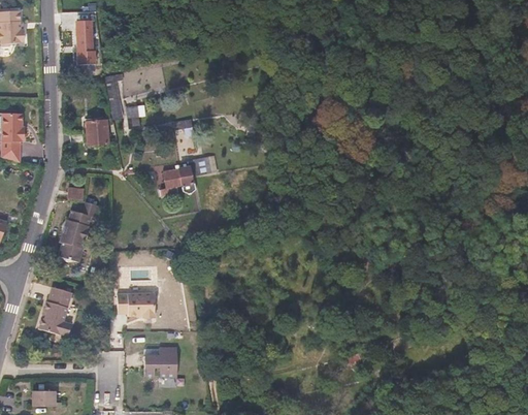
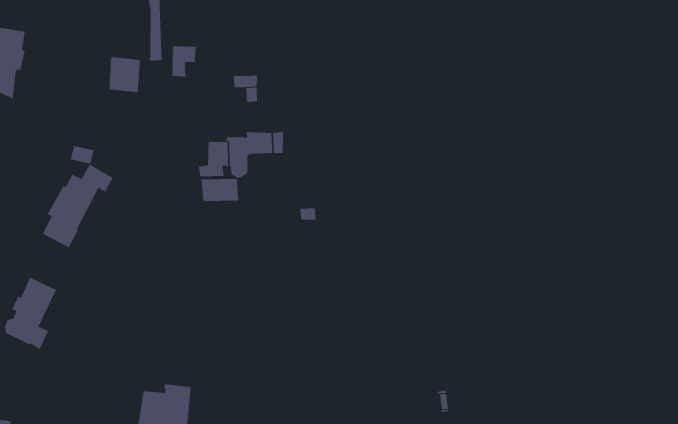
building: none -> [201,178,239,202]
building: [117,292,155,318] -> none

